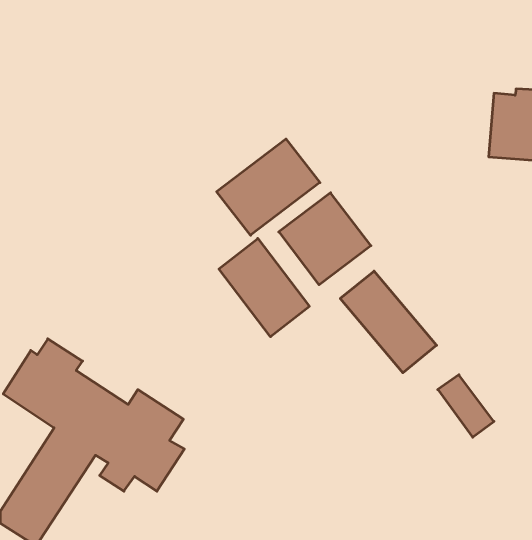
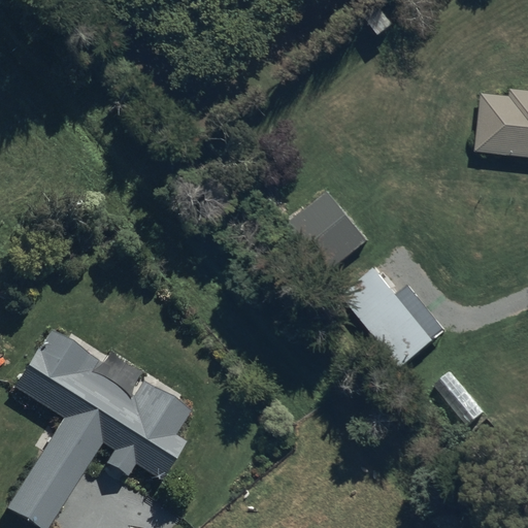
building: [217,139,320,235] -> none
building: [219,238,309,337] -> none

